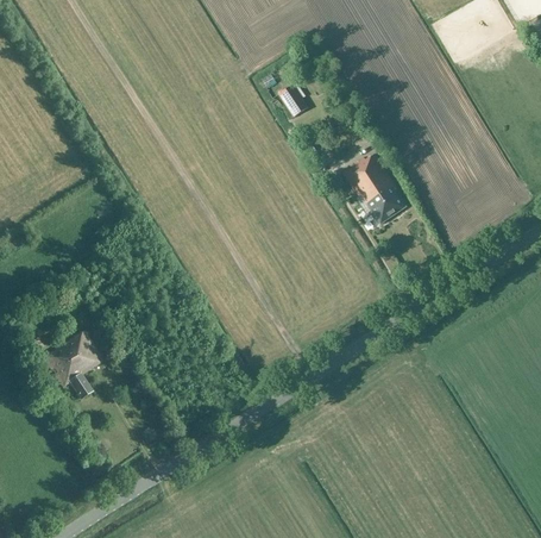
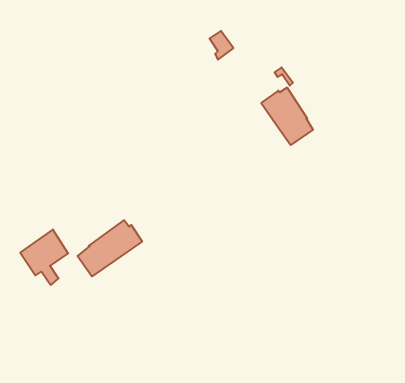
building: none -> [77,220,142,276]

